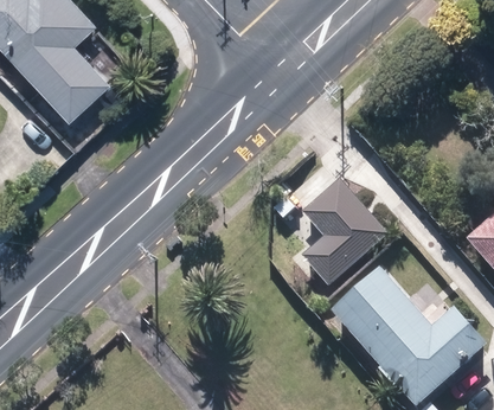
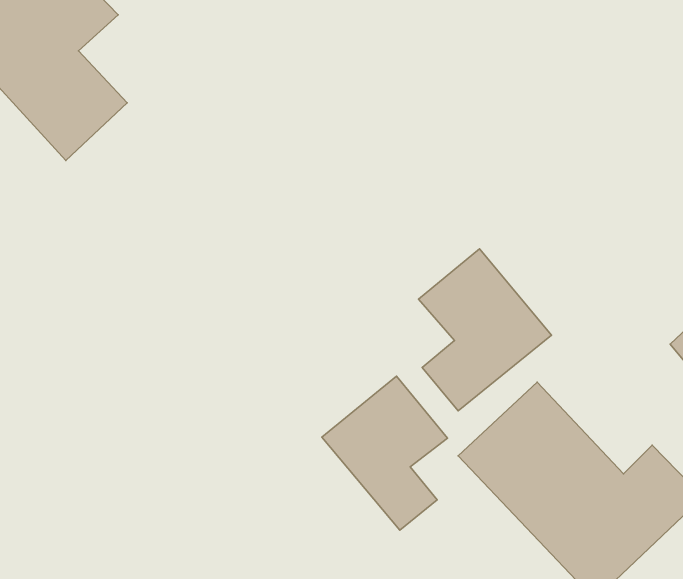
building: none -> [322,376,447,530]

